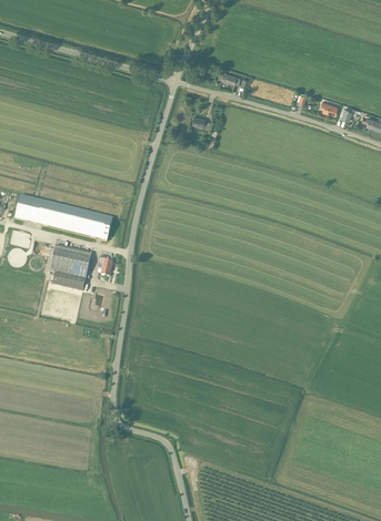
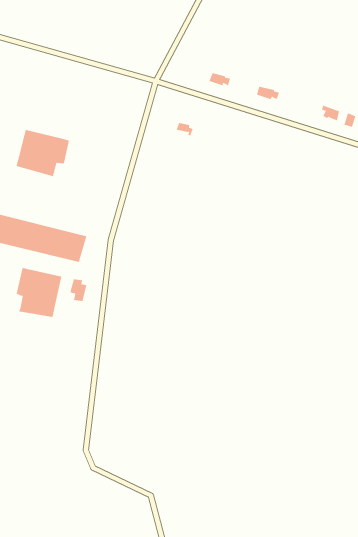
building: none -> [16,129,70,177]

